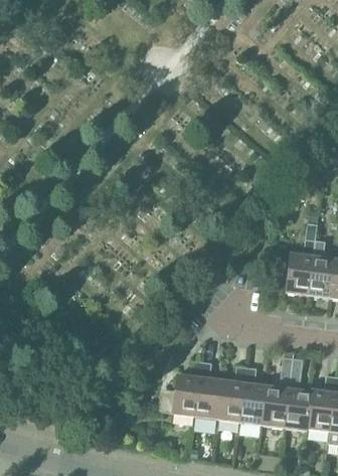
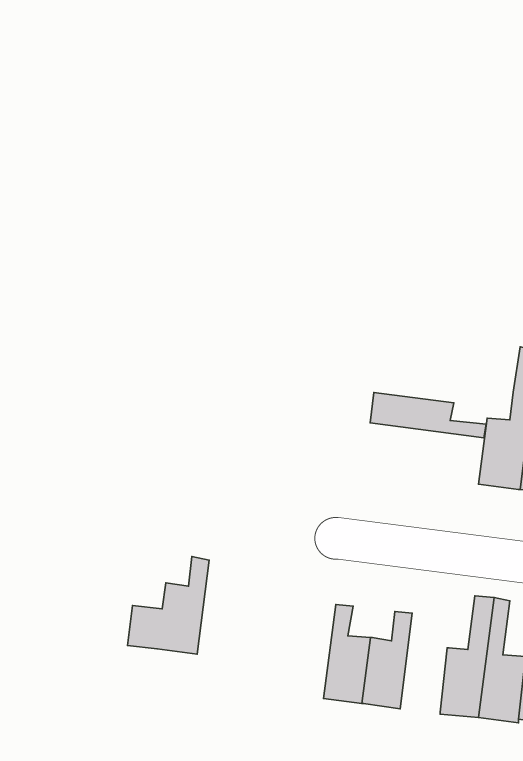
building: none -> [370,392,486,438]
building: [156,359,203,416] -> [127,557,209,654]
building: [240,366,268,424] -> none

